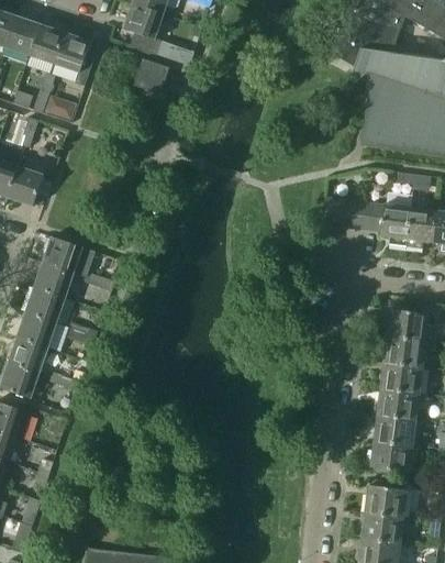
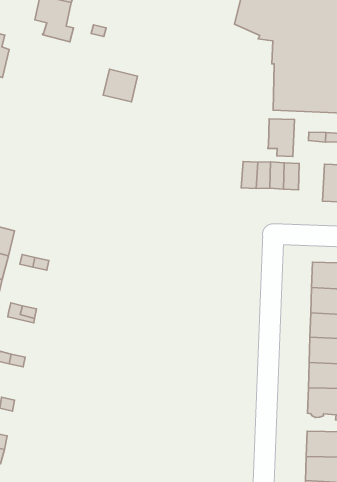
building: [133,58,170,95] -> [103,69,137,102]
building: [381,205,412,246] -> [268,119,295,157]

